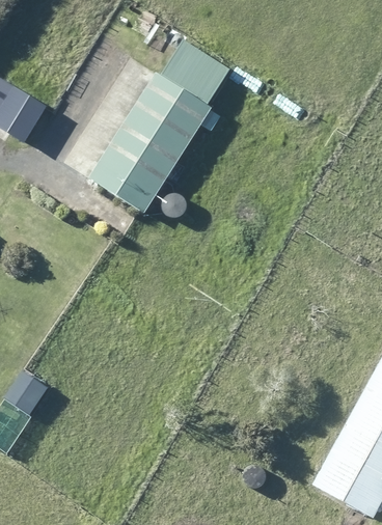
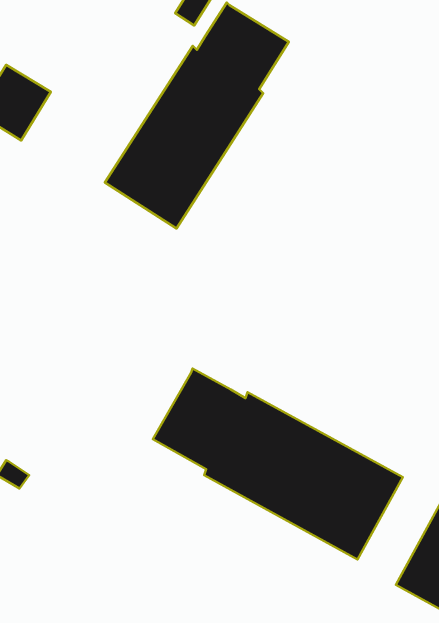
building: none -> [153,368,403,559]

